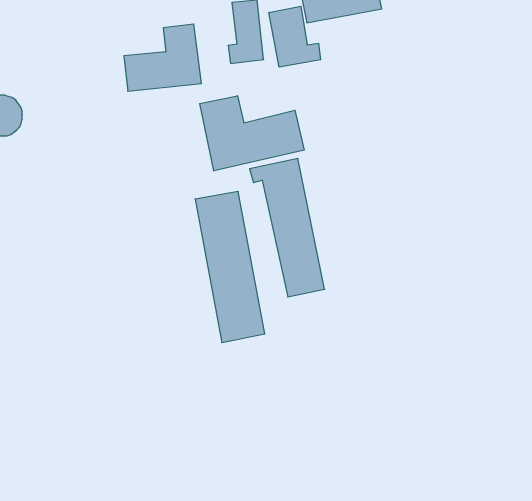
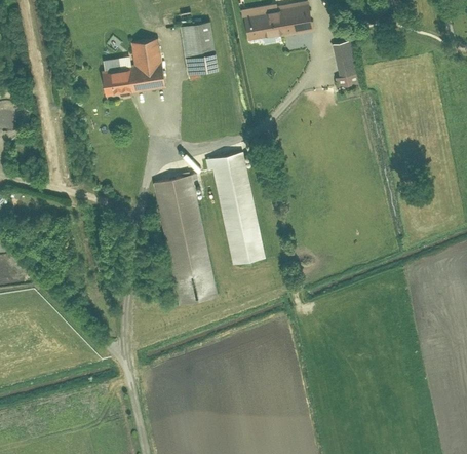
building: [269,6,321,67] -> none
building: none -> [333,39,356,86]
building: [200,96,304,171] -> none

